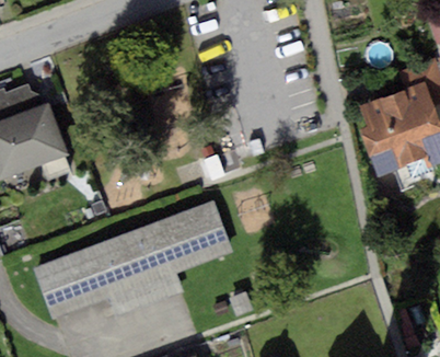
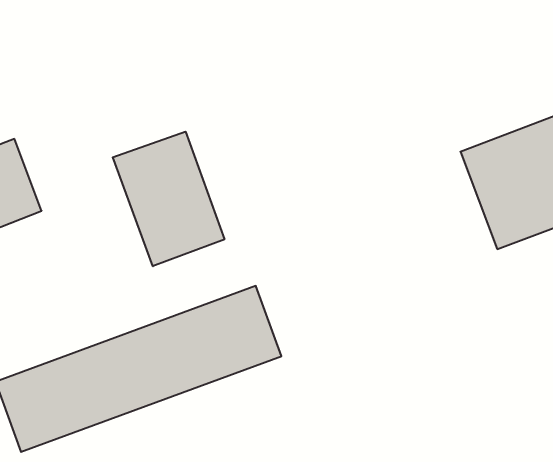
building: none -> [113,132,224,266]

